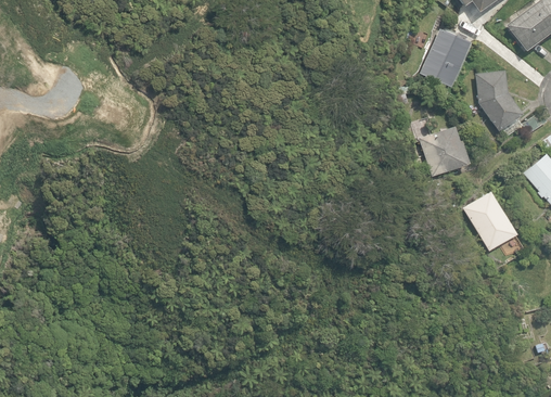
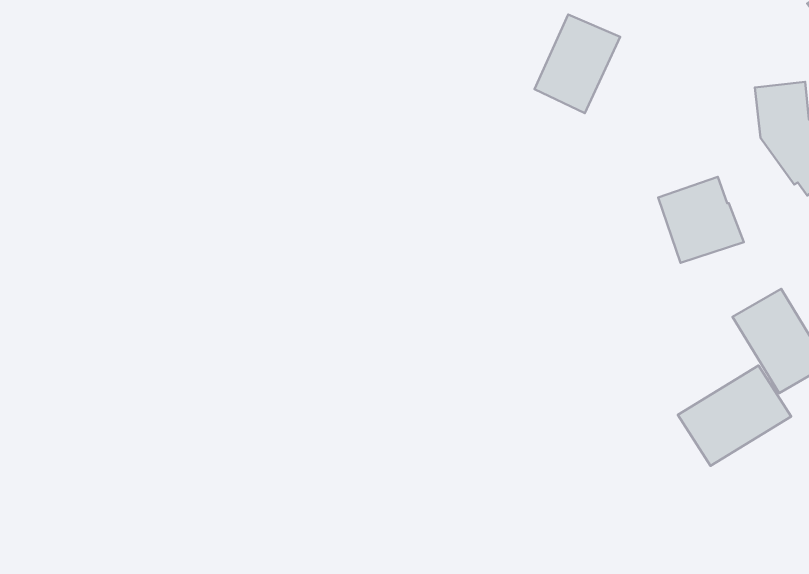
building: [421,29,471,87] -> [535,14,620,113]
building: none -> [678,366,791,466]

